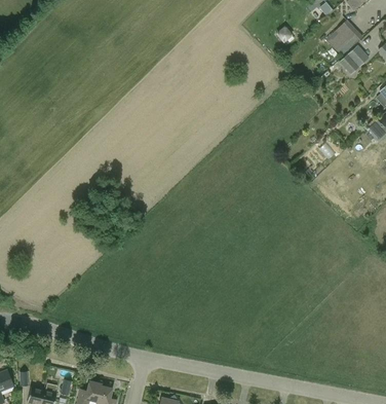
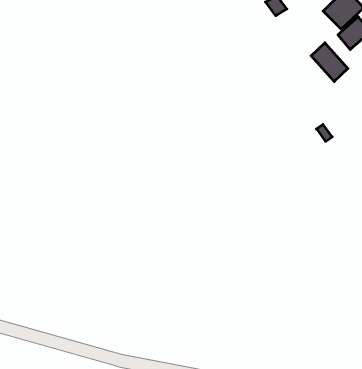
building: none -> [311,43,348,82]

